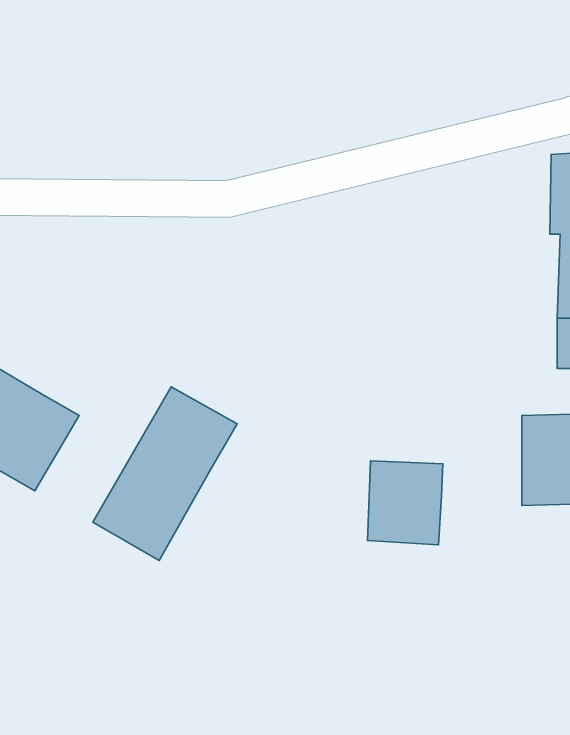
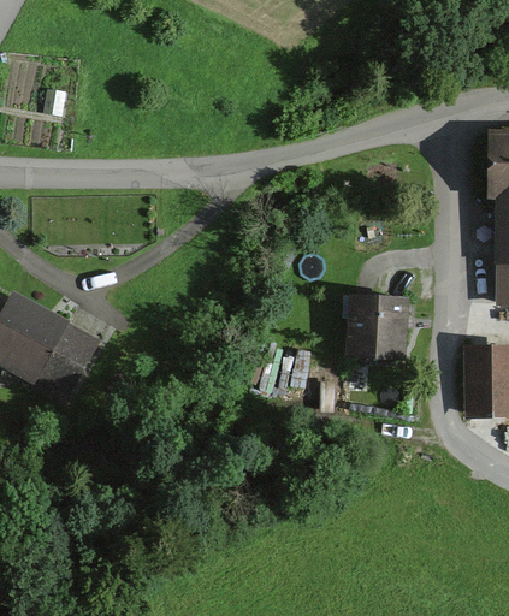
building: [93,387,237,560] -> none
building: [368,461,443,545] -> [348,295,409,363]

